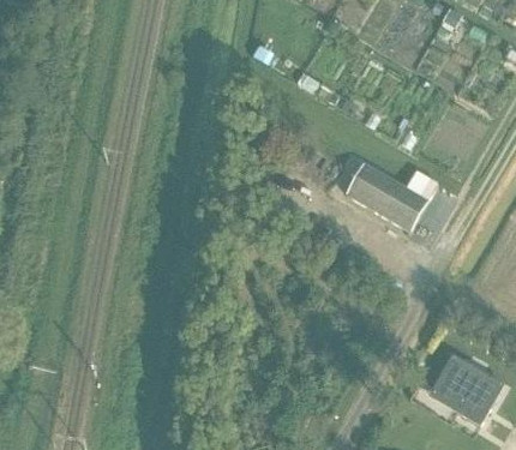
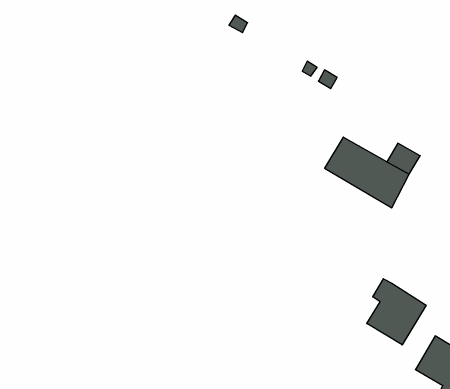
building: none -> [367,279,426,345]

